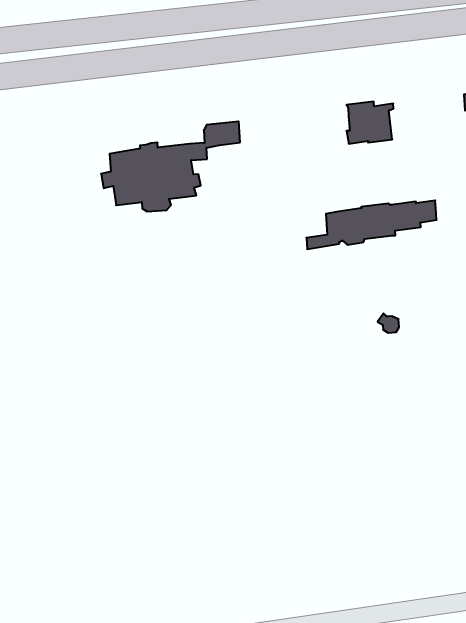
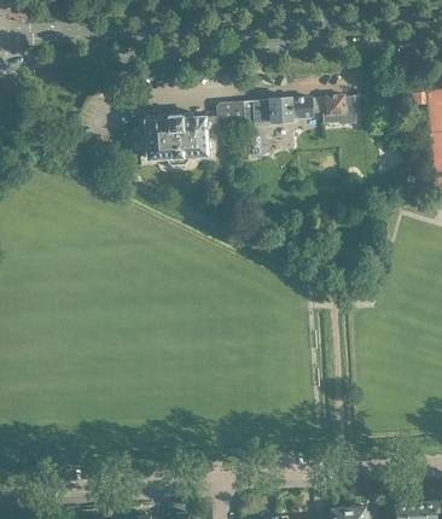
building: [306,200,437,249] -> [227,98,325,128]

